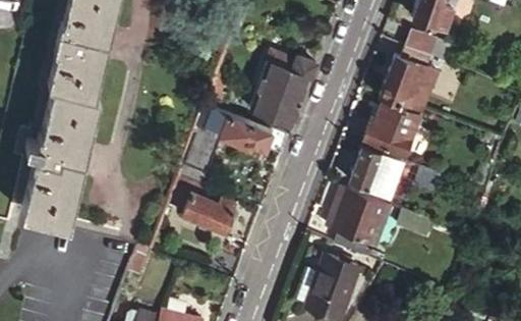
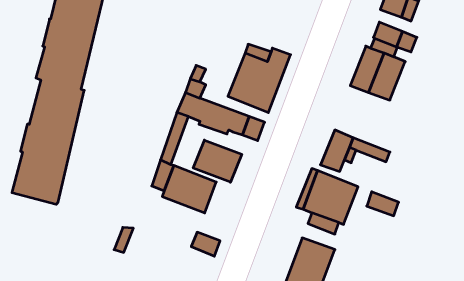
building: [363,102,421,158] -> none
building: none -> [193,140,242,182]

